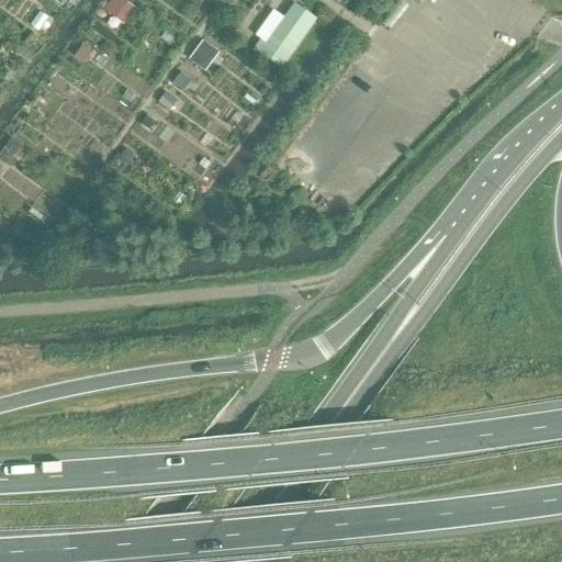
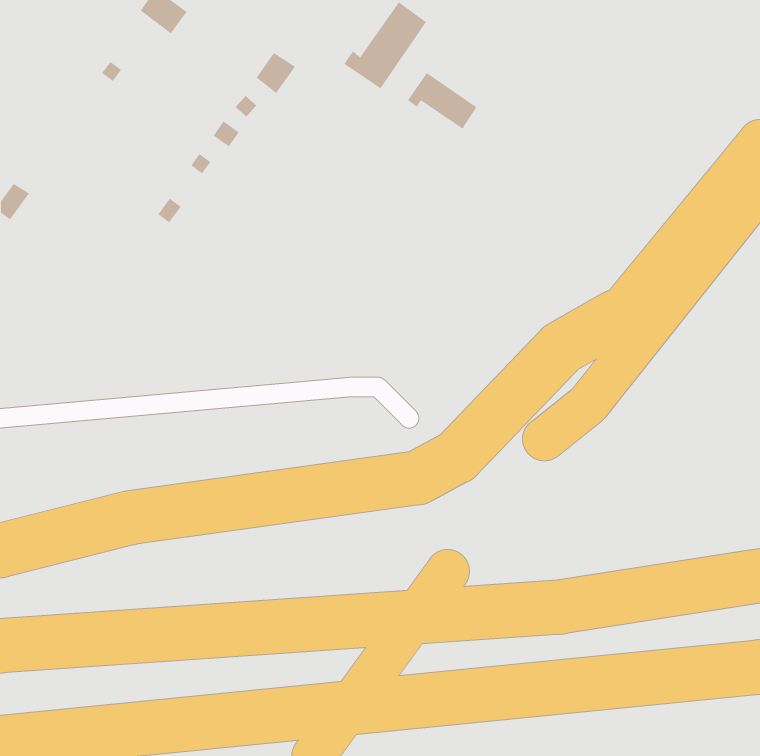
building: none -> [407,72,477,129]

